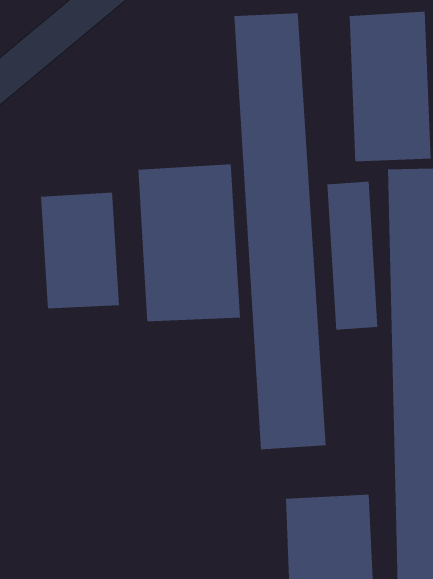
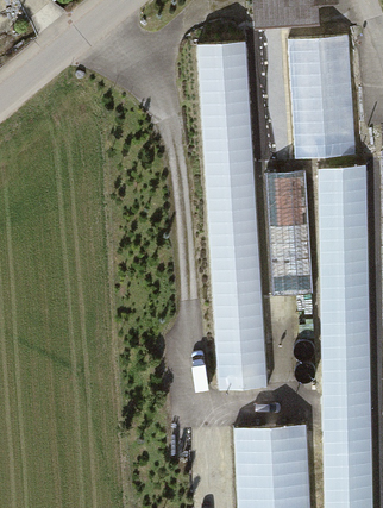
building: [138,163,240,322] -> none
building: [41,192,119,309] -> none

